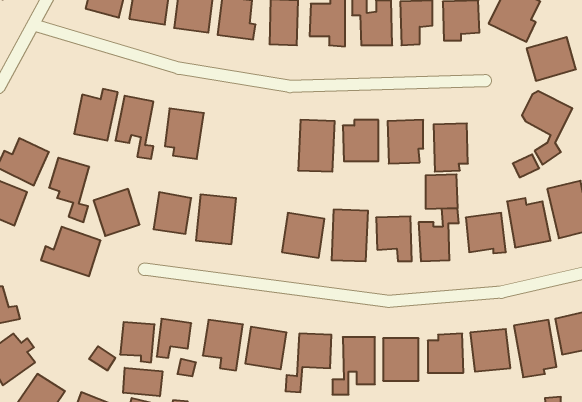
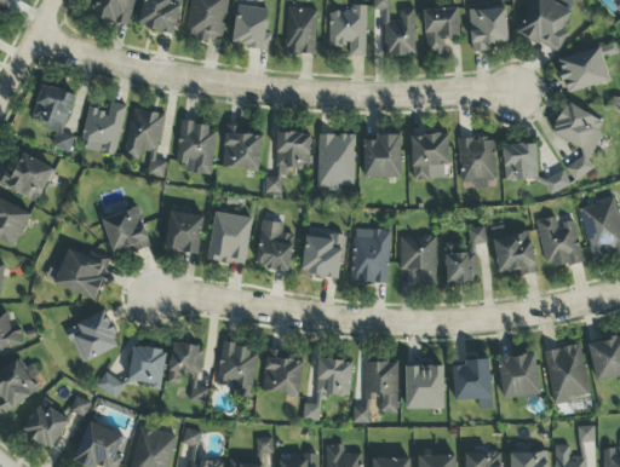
building: none -> [224,125,262,168]
building: none -> [266,132,311,192]
building: [49,158,89,222] -> [33,83,75,151]
building: [426,174,458,209] -> [504,143,538,179]
building: none -> [257,219,294,270]
building: none -> [67,310,121,363]
building: [123,368,162,396] -> none

